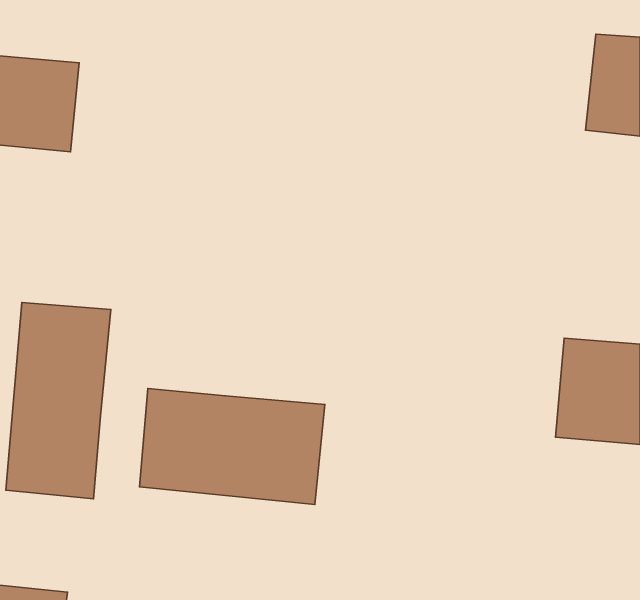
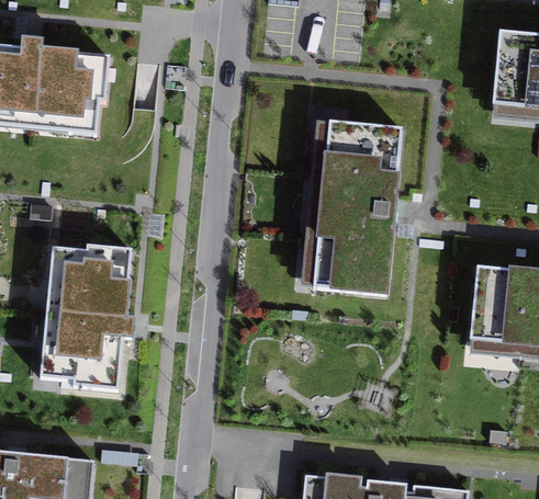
building: none -> [315,118,403,292]
building: [139,388,325,504] -> none

